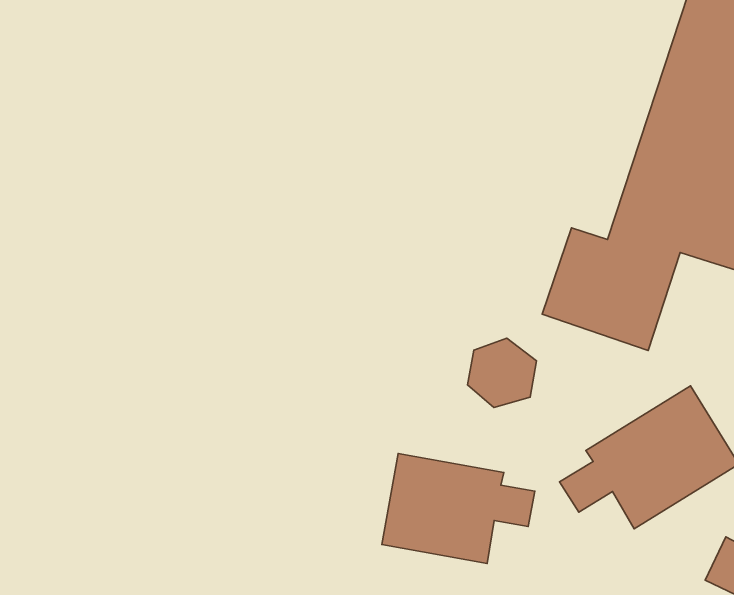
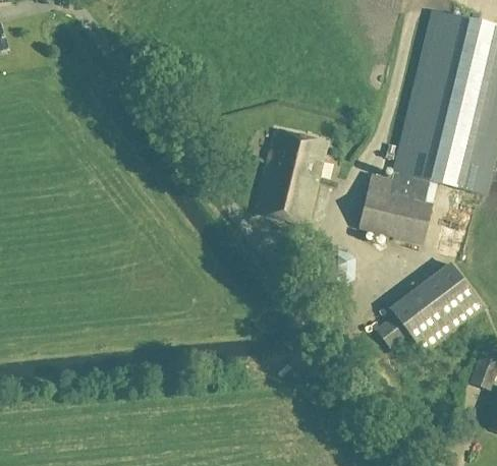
building: none -> [253,126,329,226]
building: [382,453,535,563] -> none

